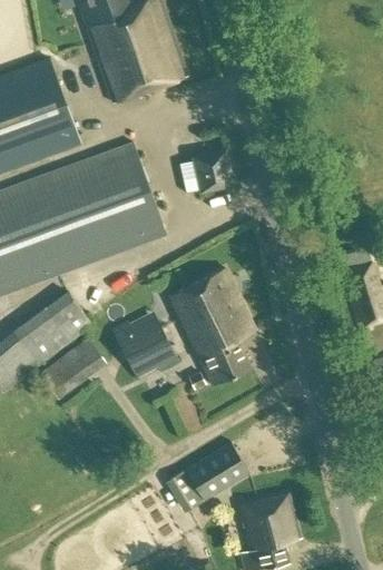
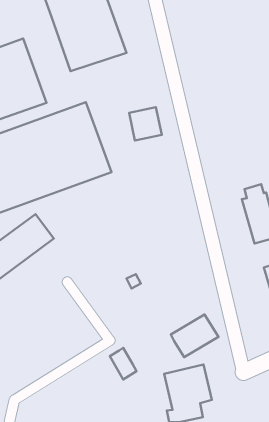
building: [168,269,254,386] -> none
building: [111,311,179,377] -> none
building: [37,336,106,400] -> none
building: [186,443,249,500] -> [171,314,219,357]

